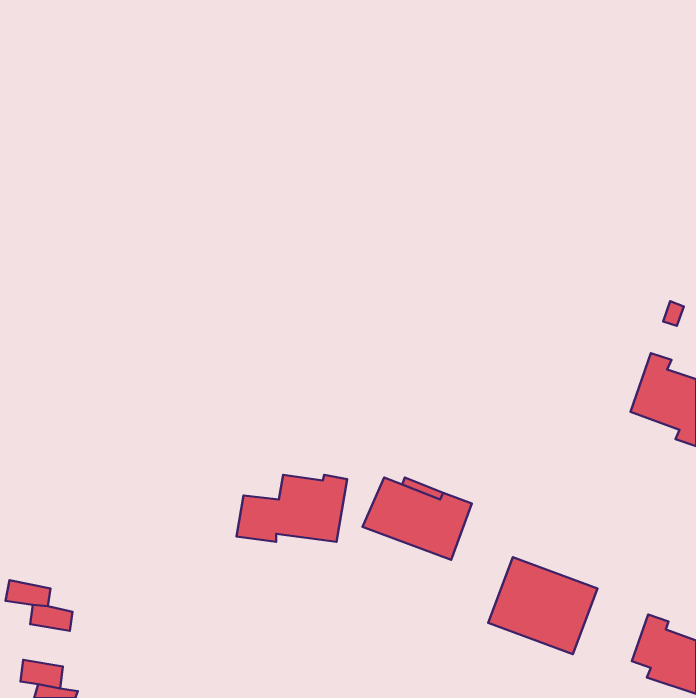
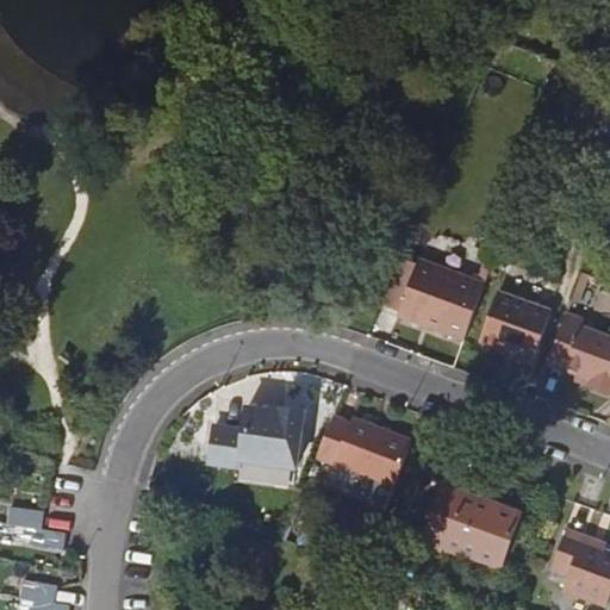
building: none -> [399,256,485,337]
building: none -> [481,290,552,361]

